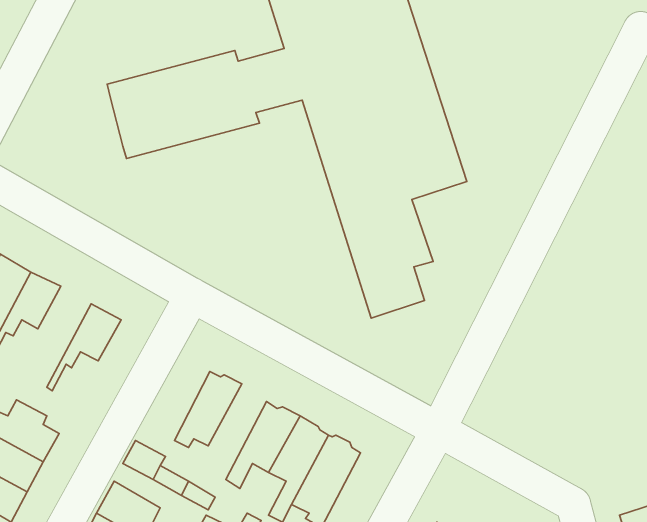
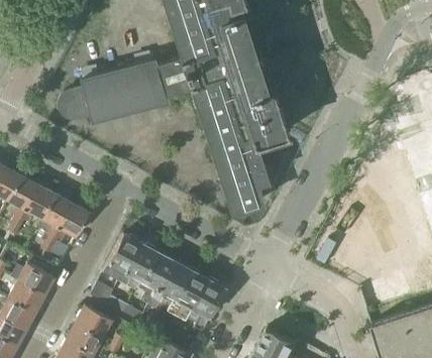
building: none -> [59,88,90,119]
building: none -> [36,195,72,252]
building: none -> [102,234,139,282]
building: none -> [136,250,172,305]

